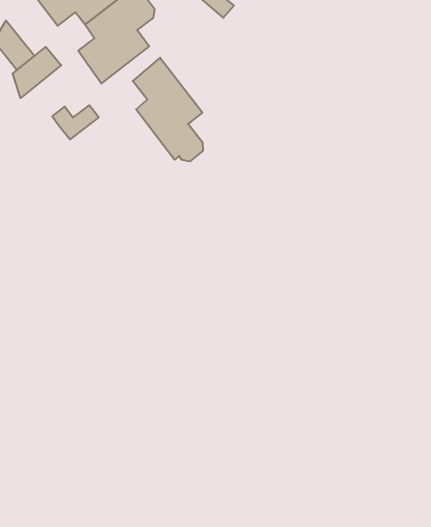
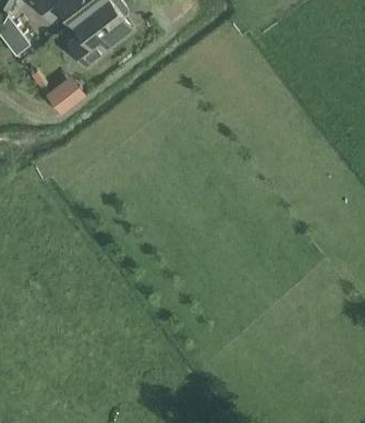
building: [13,47,61,98] -> none
building: [133,58,203,161] -> none

